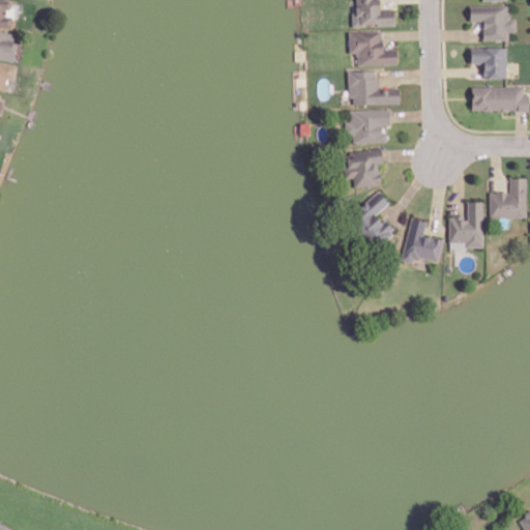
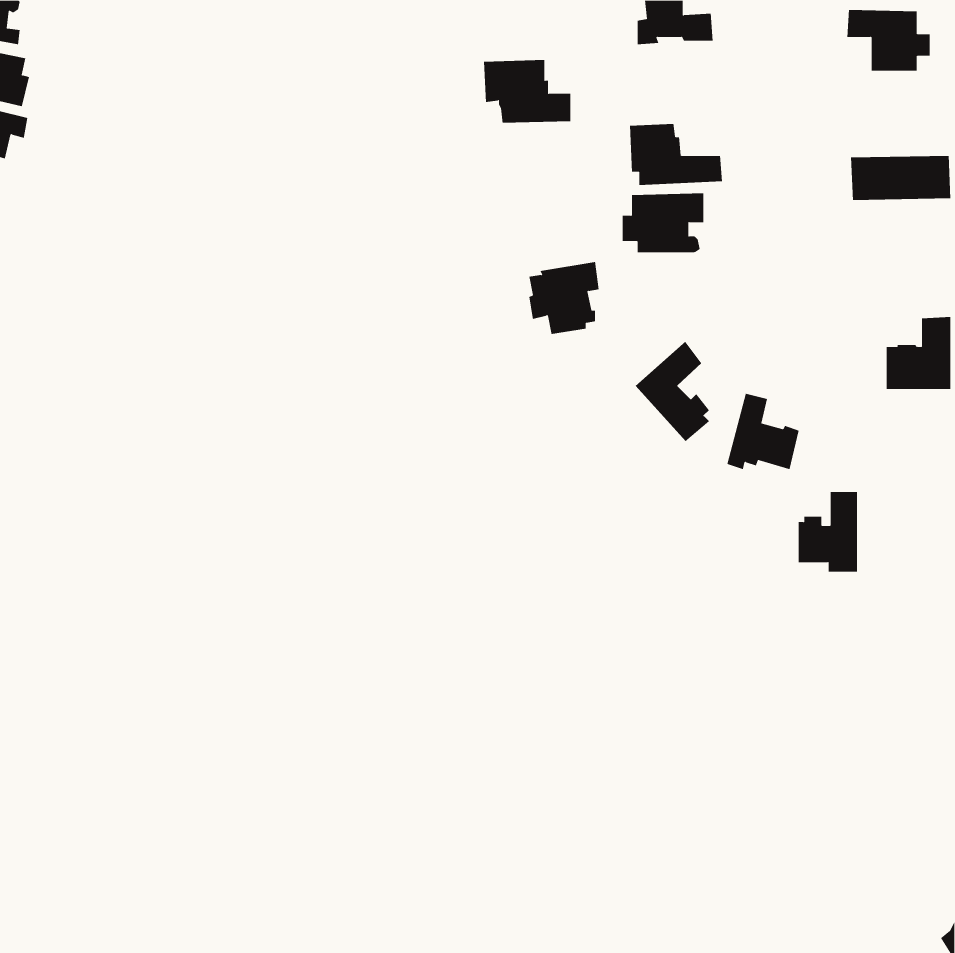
building: [348,30,396,65] -> [483,60,571,123]
building: [469,49,506,80] -> none
building: [343,147,382,187] -> [528,261,599,334]
building: [449,202,482,246] -> [798,492,858,572]

